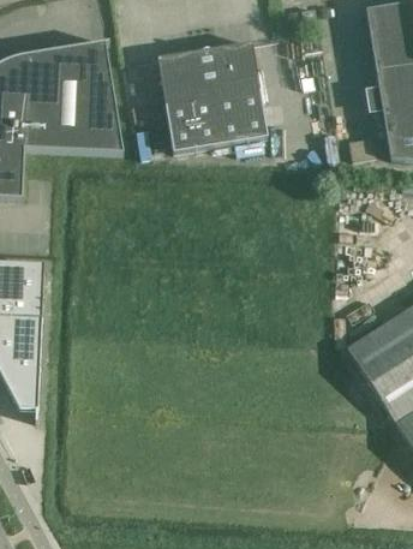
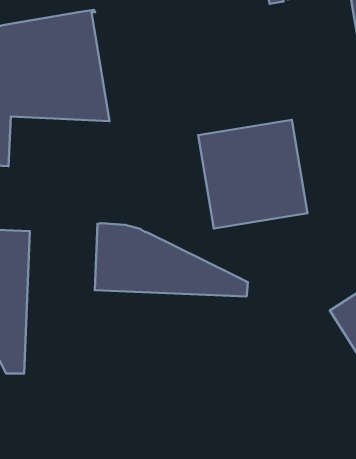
building: [157,42,268,153] -> [198,120,307,229]
building: none -> [95,223,248,297]

